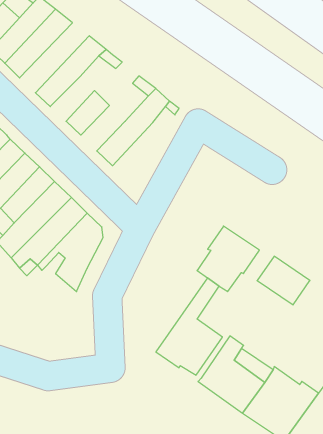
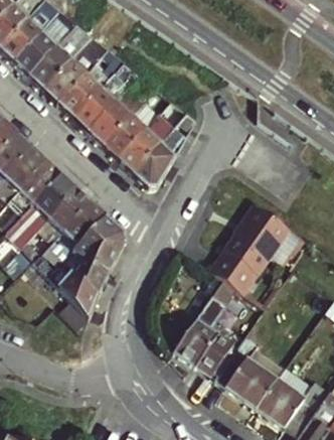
building: none -> [44,38,111,105]
building: none -> [73,90,116,132]
building: none -> [103,117,145,160]
building: none -> [133,133,182,187]
building: [257,256,310,305] -> [238,208,289,255]
building: none -> [59,270,99,318]

